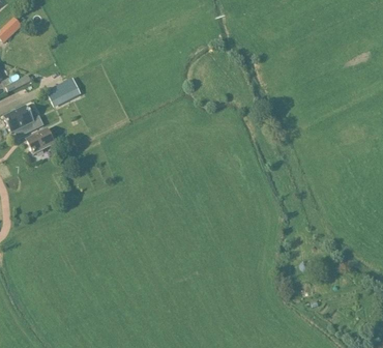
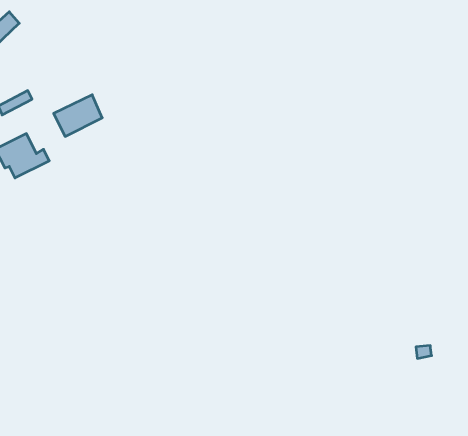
building: [26,128,54,153] -> none

